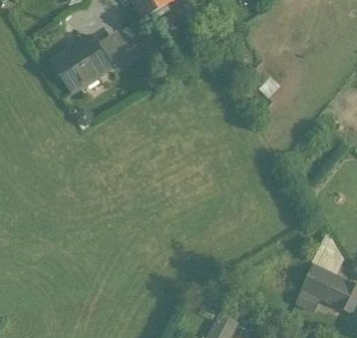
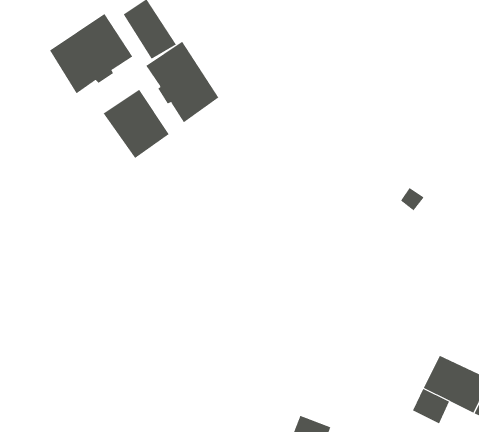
building: none -> [146,41,219,123]
building: none -> [103,89,169,159]

